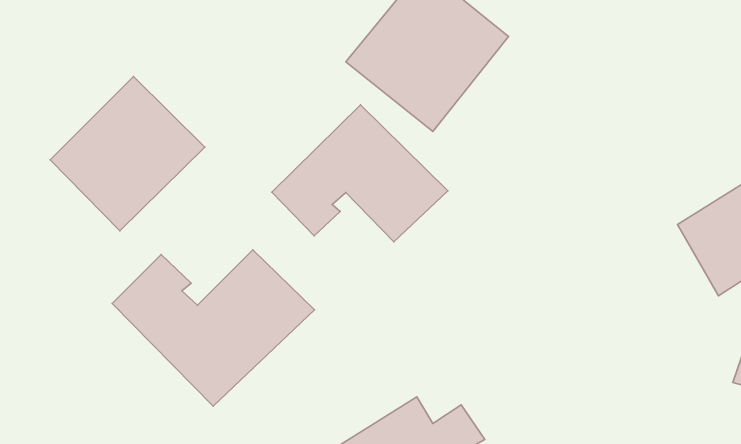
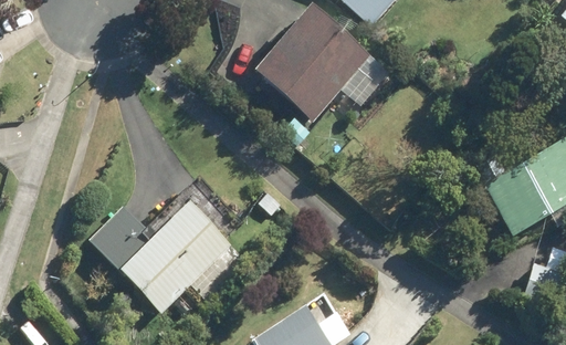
building: [50,77,205,231] -> none
building: [272,105,448,242] -> none

